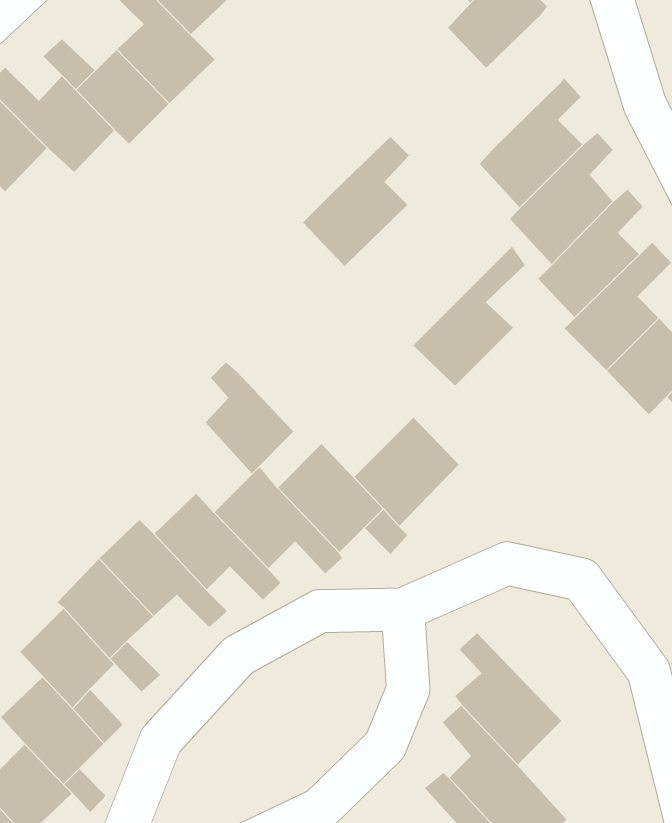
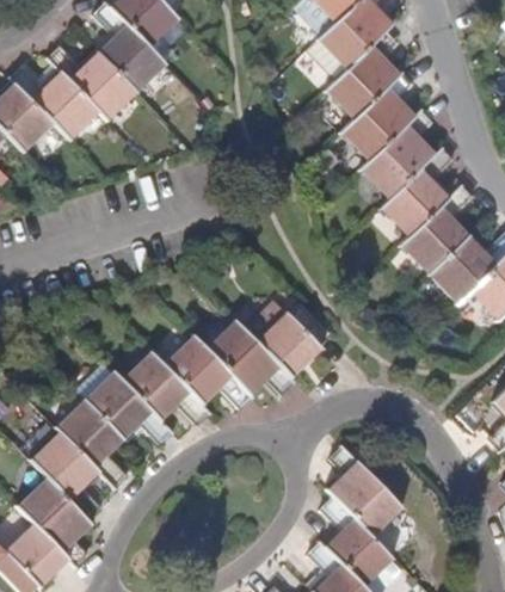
building: [302,136,410,267] -> [326,30,399,118]
building: [412,246,525,386] -> none
building: [205,361,294,474] -> none

